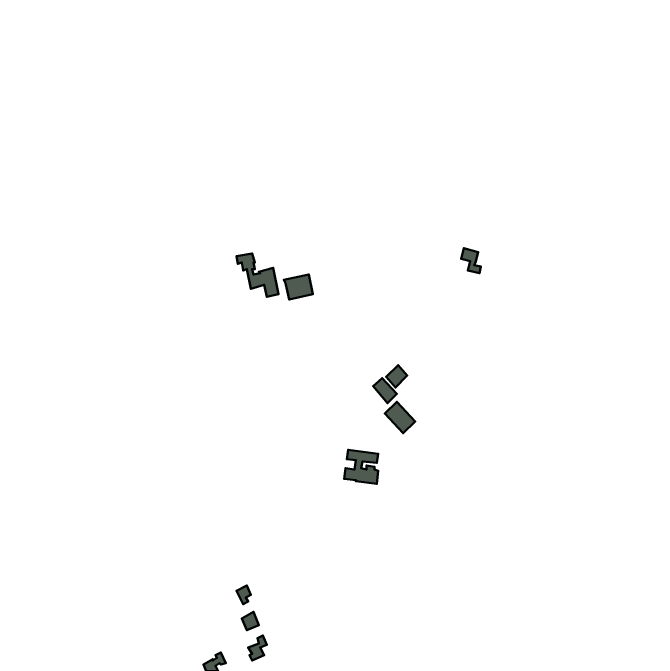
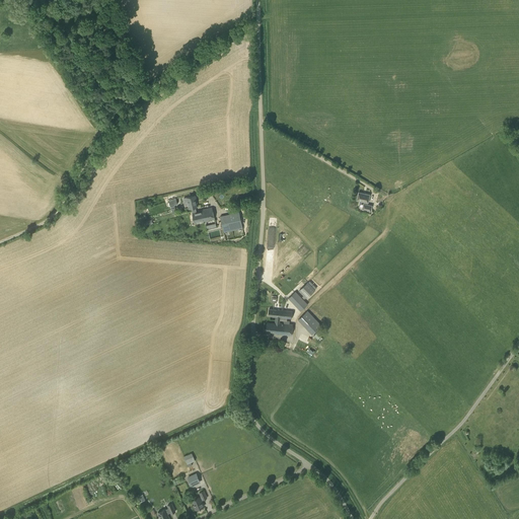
building: [344,450,378,484] -> [266,308,292,335]

